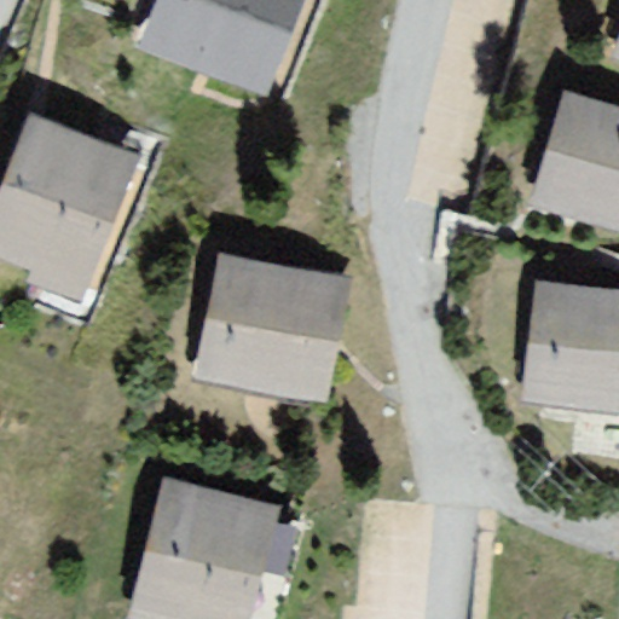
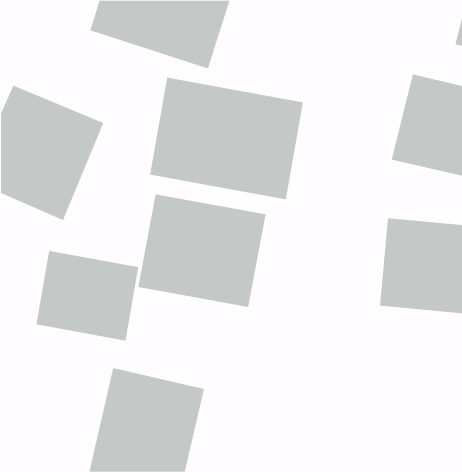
building: none -> [150,77,303,200]
building: none -> [36,250,139,341]

